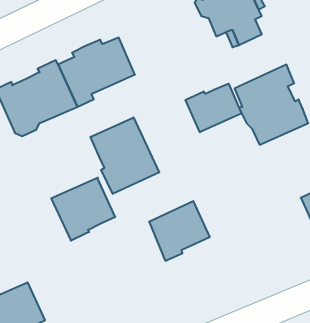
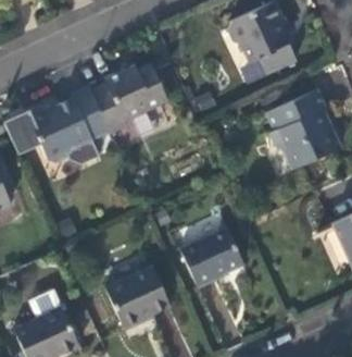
building: [186,84,241,132] -> none
building: [90,117,159,194] -> none
building: [51,178,115,241] -> [105,268,169,331]

